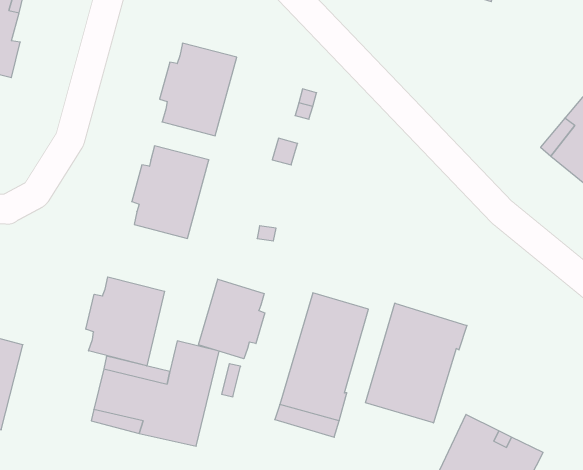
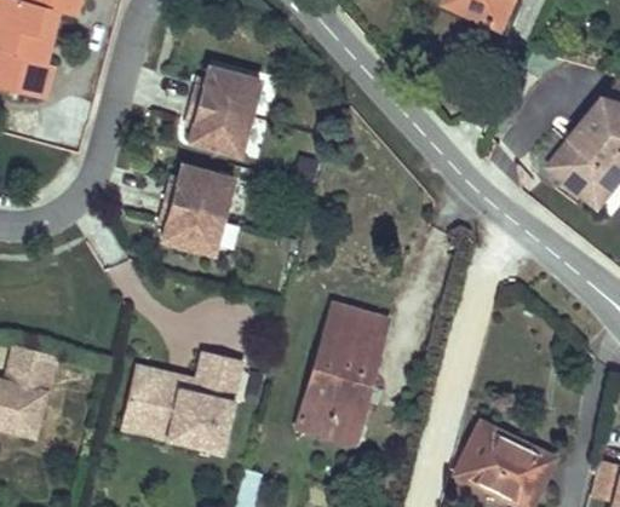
building: [86,277,165,366] -> none
building: [198,279,265,359] -> none
building: [366,303,467,423] -> none

